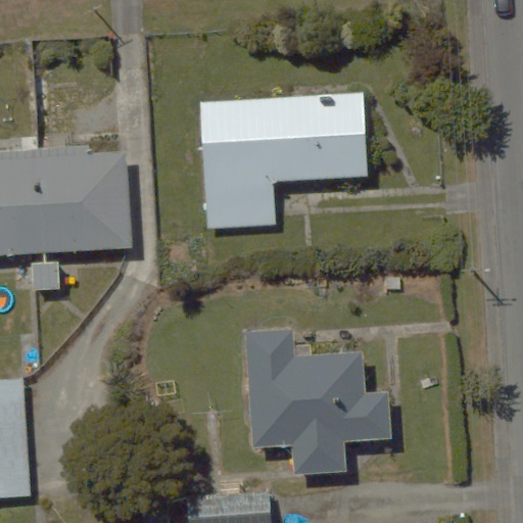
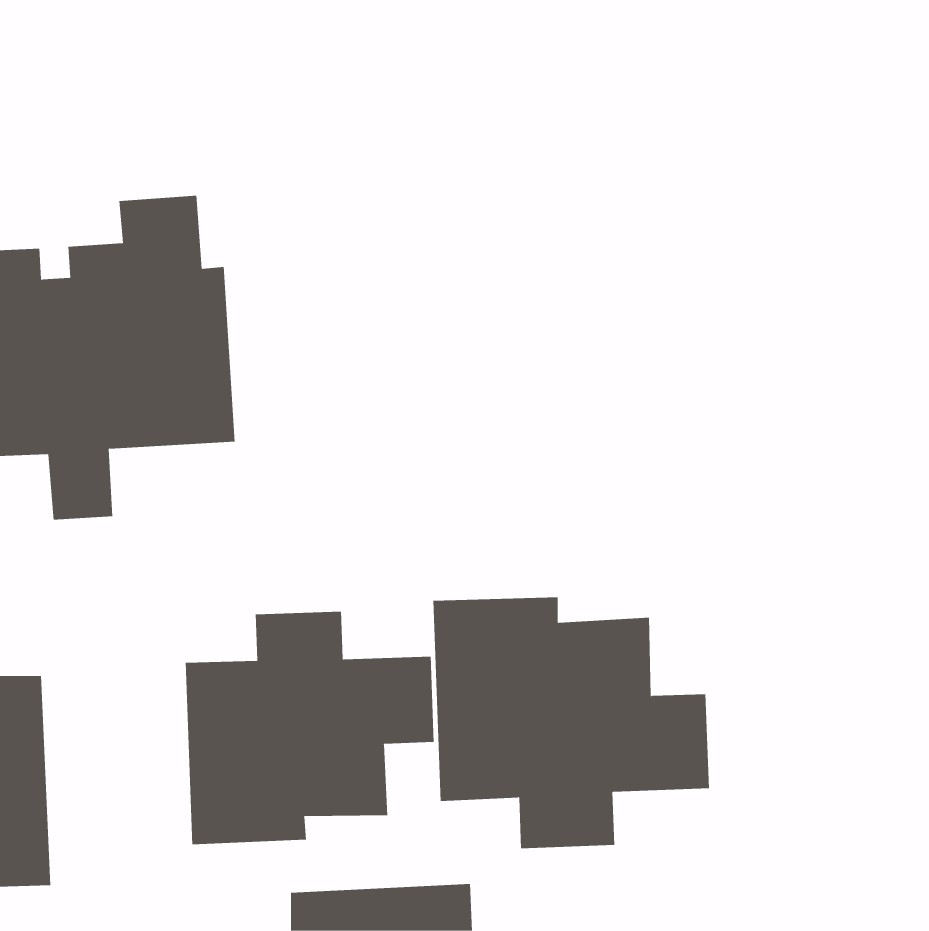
building: [196,93,372,228] -> none
building: none -> [185,611,434,845]

